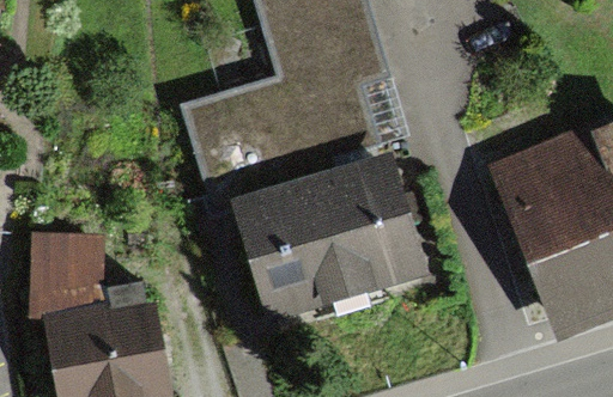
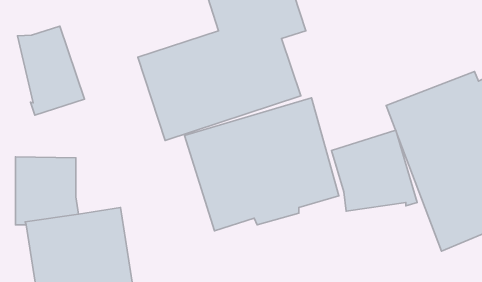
building: none -> [18,26,84,115]
building: none -> [332,130,417,211]

